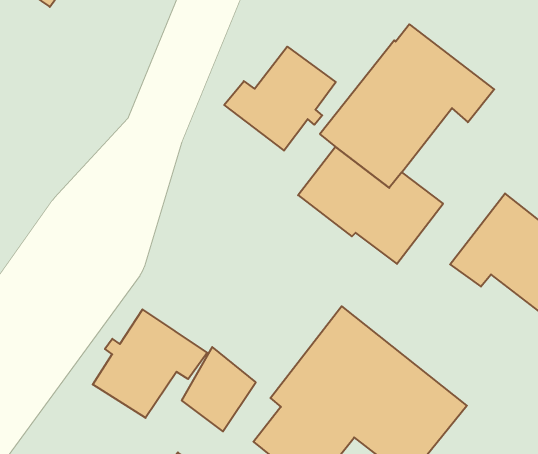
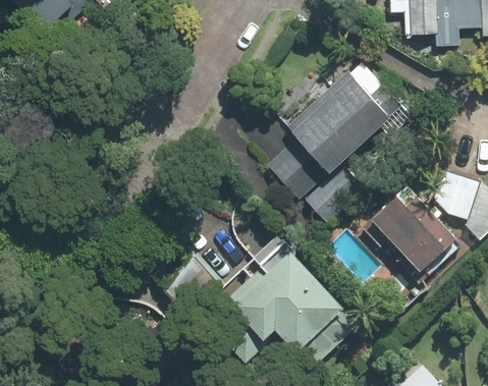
building: [224,47,336,151] -> none
building: [93,309,207,418] -> none

